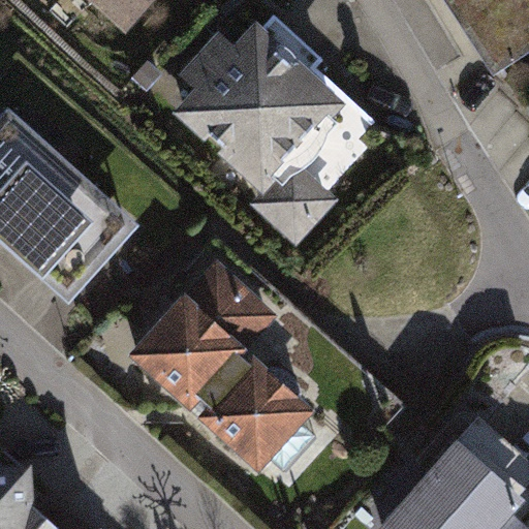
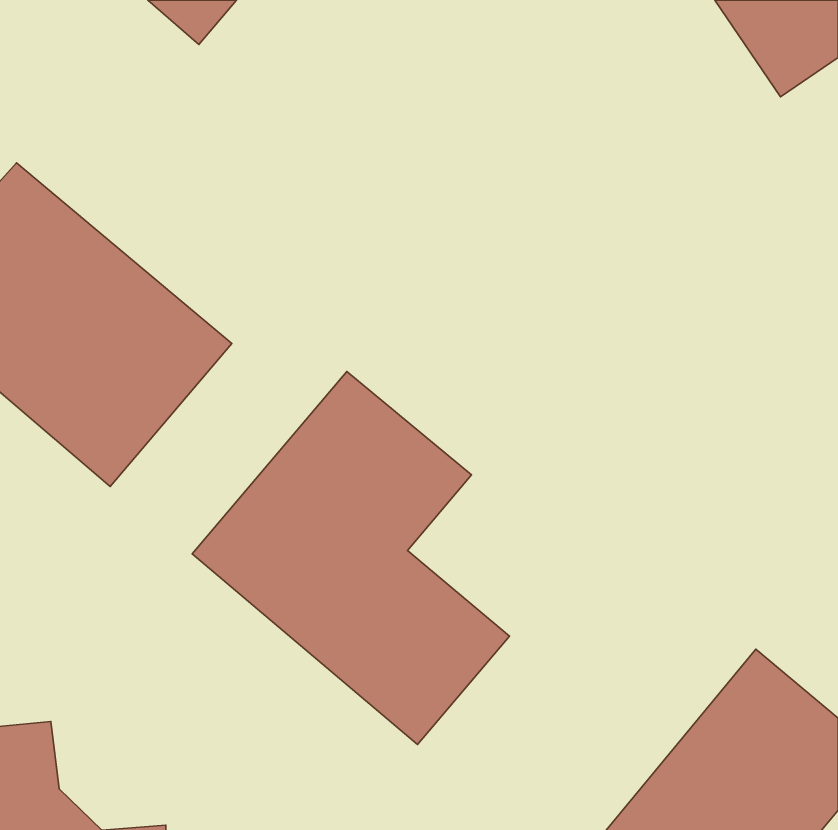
building: [170,19,355,253] -> none

